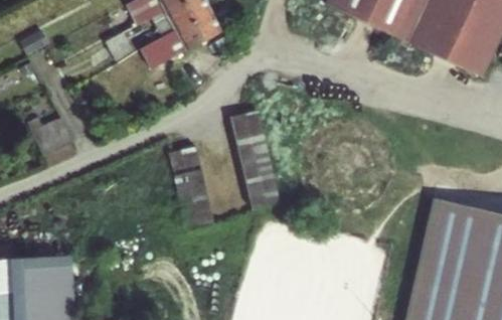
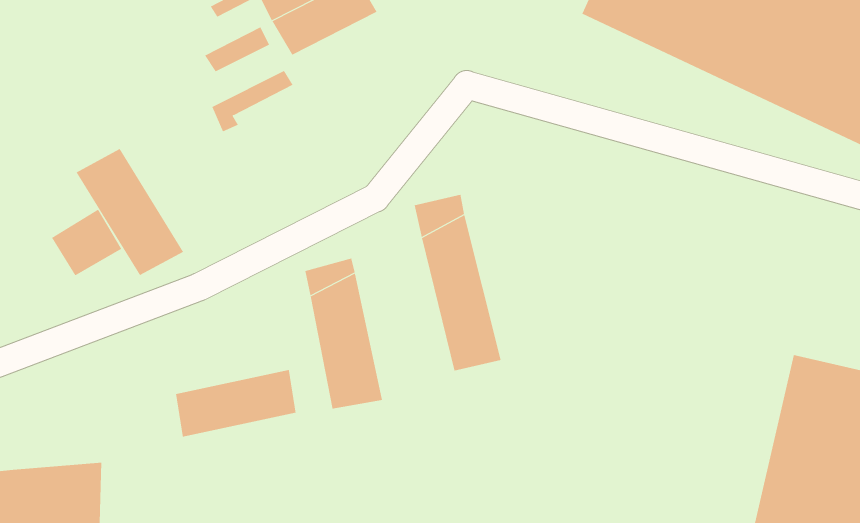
building: [164,8,223,51] -> none
building: none -> [76,148,184,276]
building: none -> [176,369,296,437]

